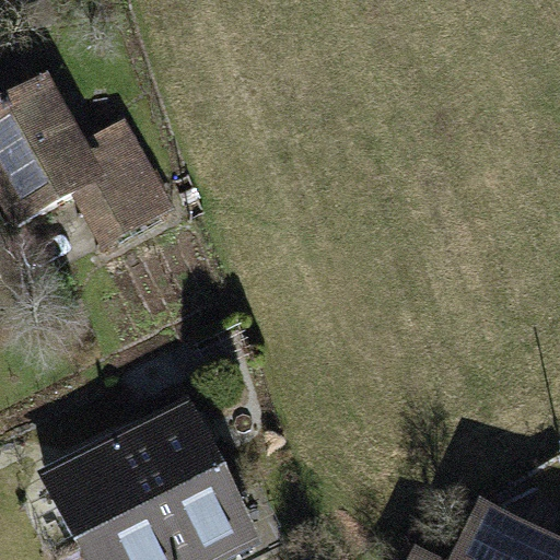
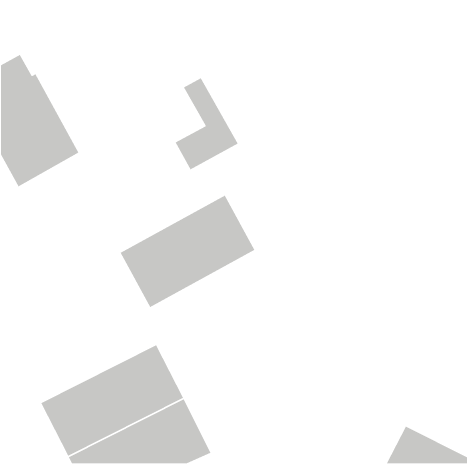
building: [90,127,166,238] -> [175,77,239,171]
building: none -> [119,194,256,308]

